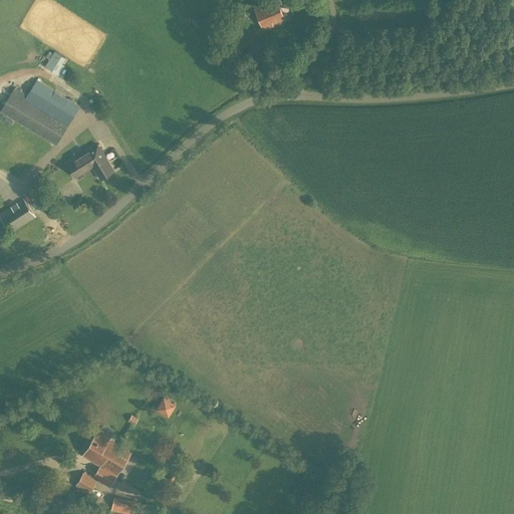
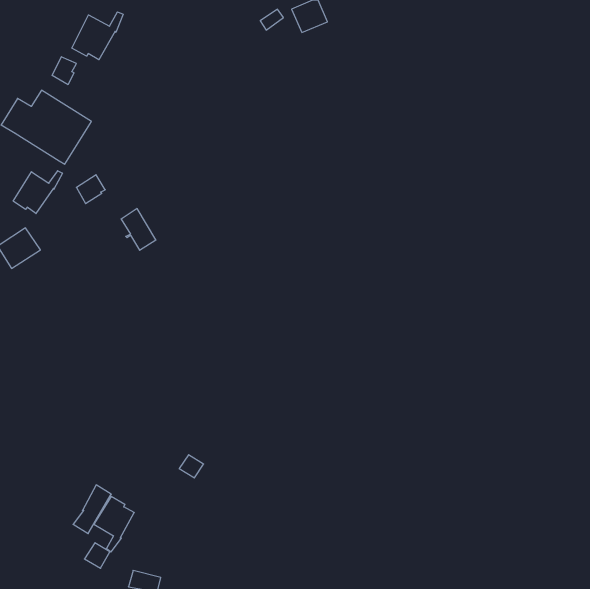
building: none -> [72,12,123,60]
building: [83,145,113,181] -> [121,209,156,250]
building: none -> [13,171,62,214]
building: [96,447,130,489] -> [73,485,111,534]

